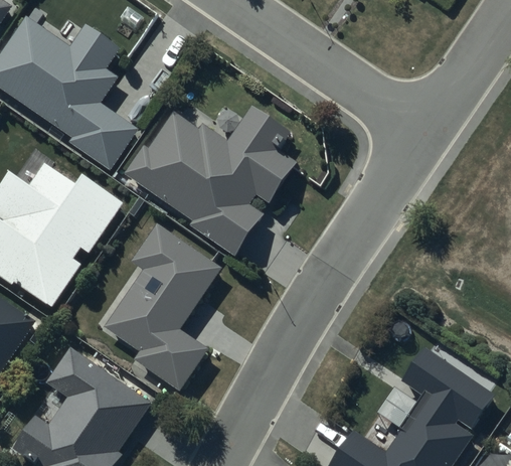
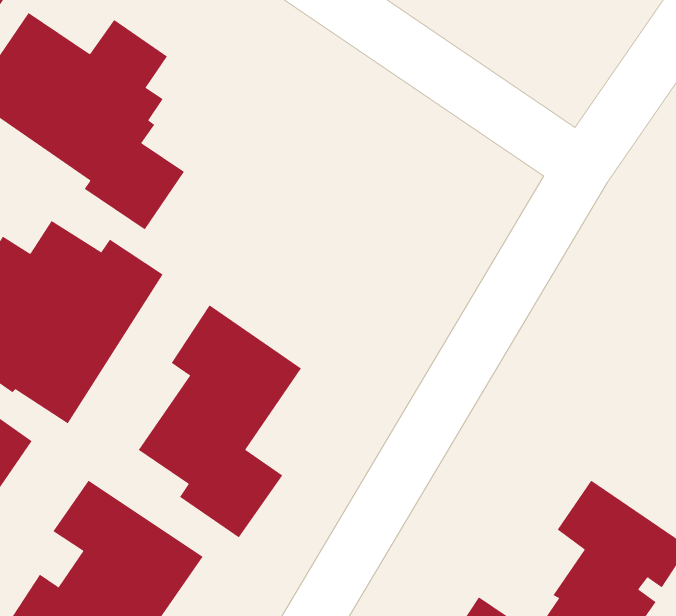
building: [121,104,299,256] -> none

